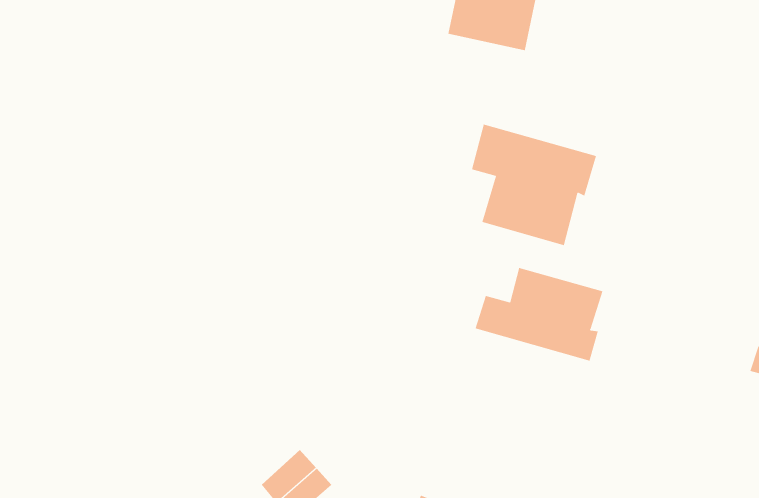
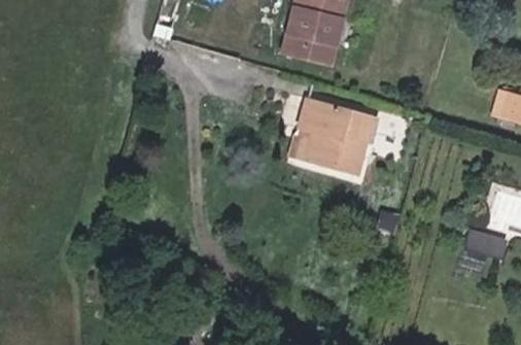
building: [475,267,603,362] -> none

